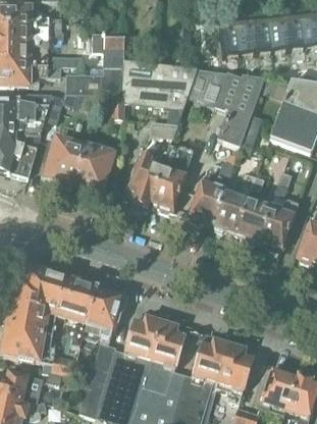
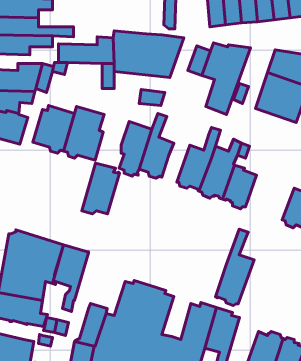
building: [95,34,124,67] -> none
building: [259,171,299,250] -> [215,229,254,306]
building: [84,287,122,339] -> [82,163,119,214]

